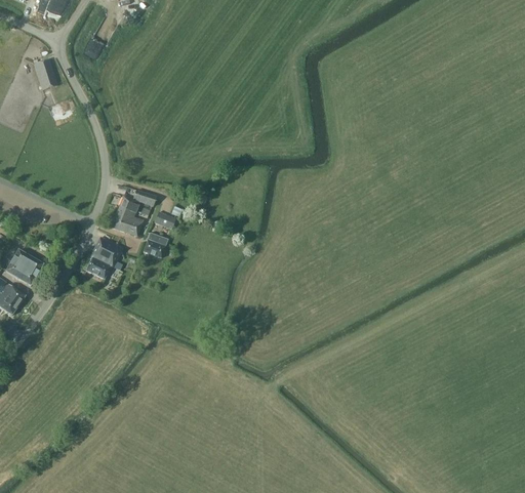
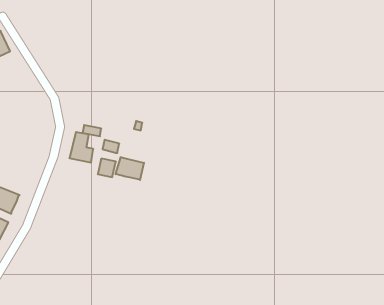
building: none -> [116,157,144,180]
building: [85,236,122,279] -> none

